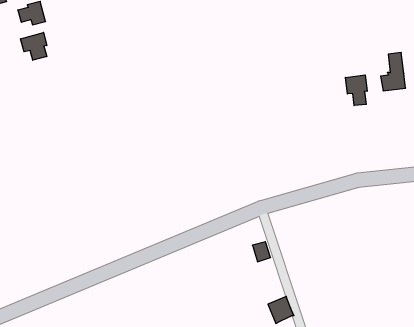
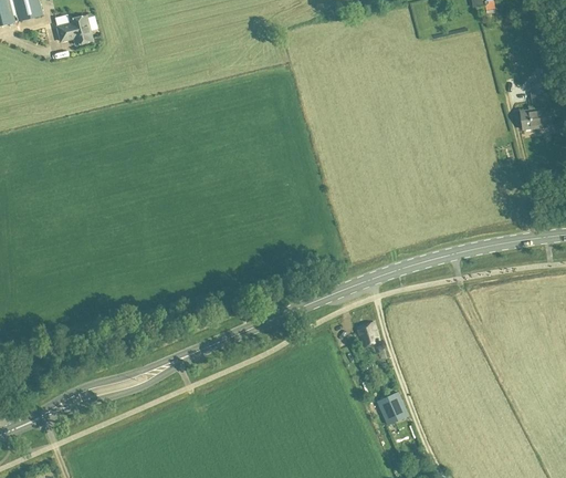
building: [21,32,47,60] -> none
building: [345,75,367,106] -> none

